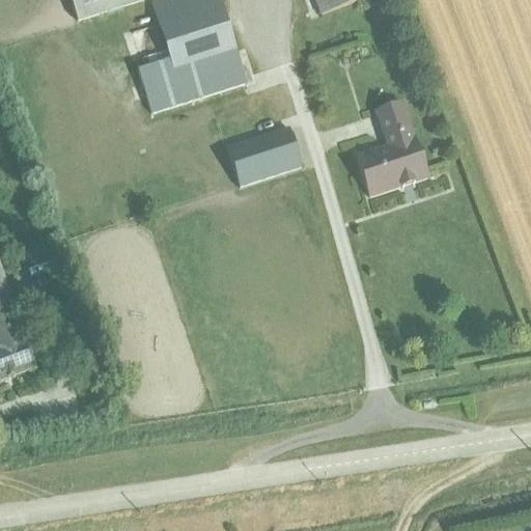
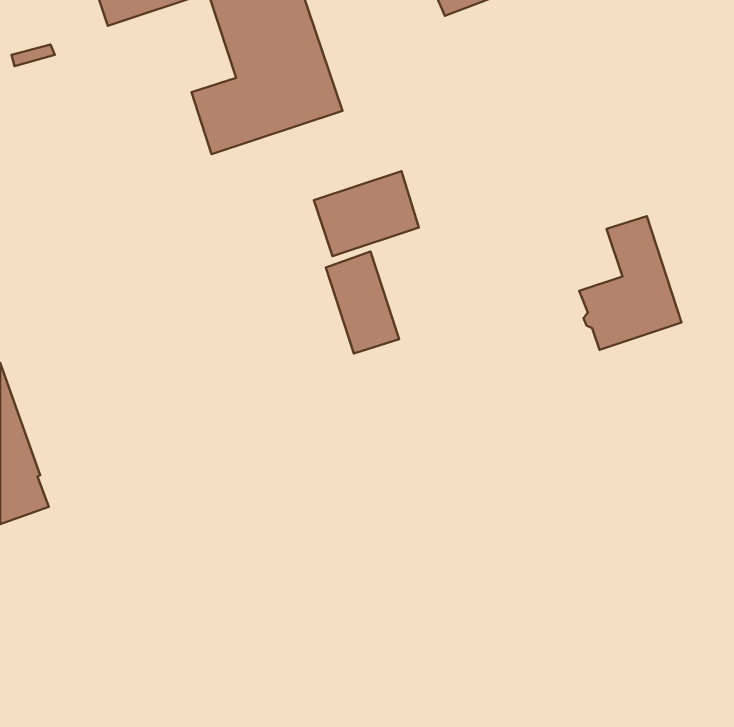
building: [356,99,429,195] -> [579,216,681,350]
building: none -> [326,252,399,354]

